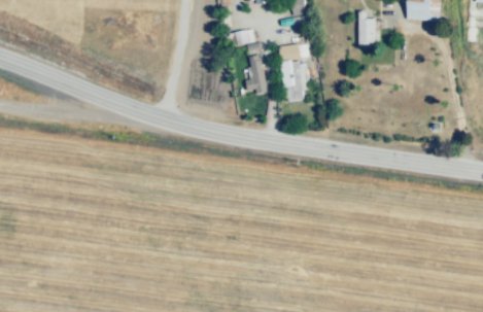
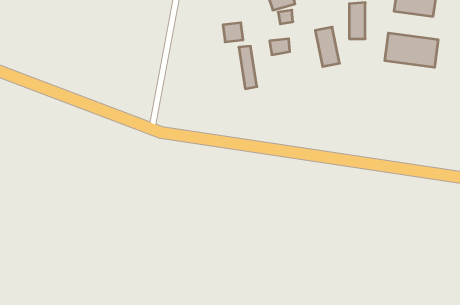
building: none -> [385,33,438,67]
building: [283,61,307,99] -> [315,27,340,67]

